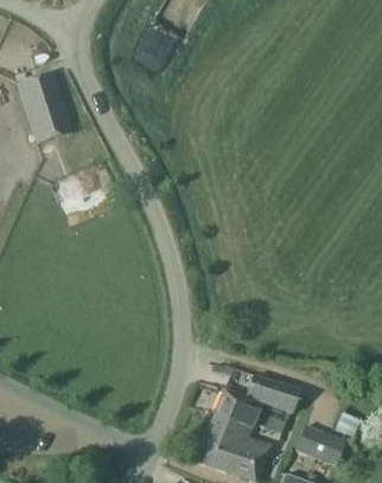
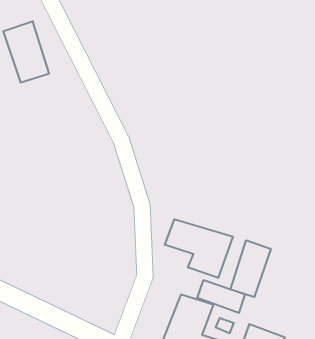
building: none -> [165,219,233,278]
building: none -> [230,240,271,297]

